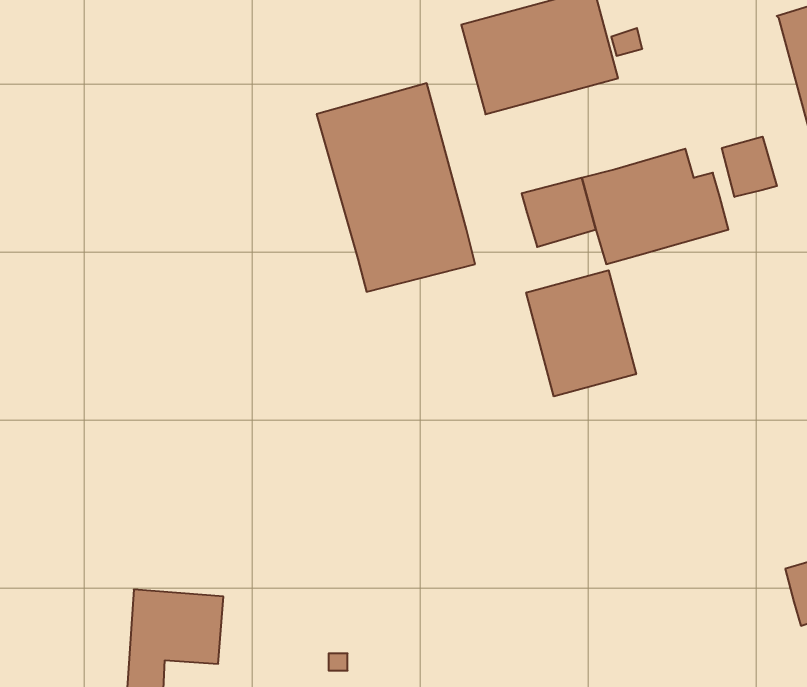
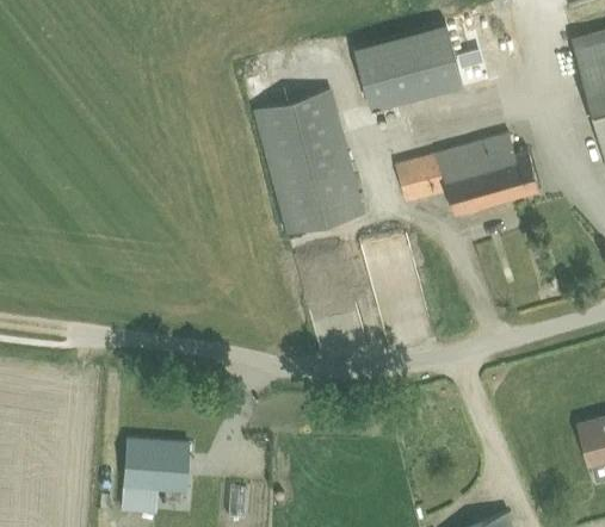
building: [722,137,777,197] -> none
building: [526,270,636,396] -> none

